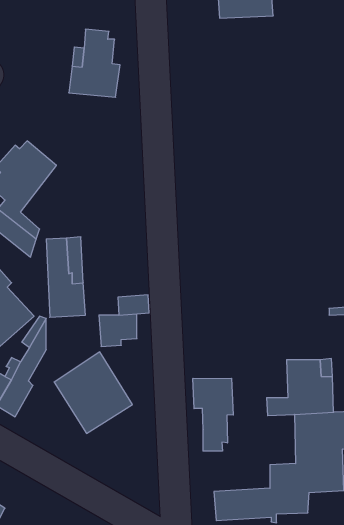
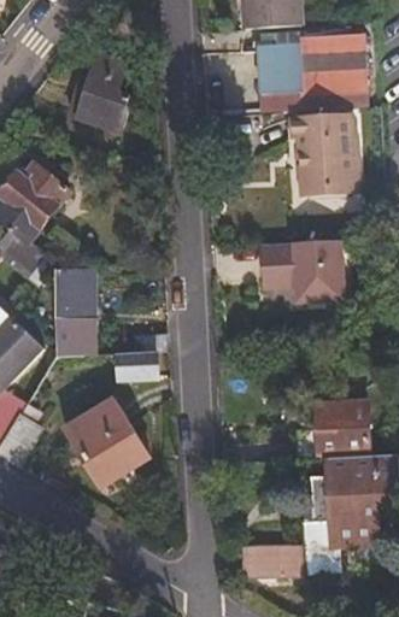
building: none -> [254,33,365,99]
building: none -> [288,119,356,196]
building: none -> [259,243,344,306]
building: [193,378,233,451] -> none

